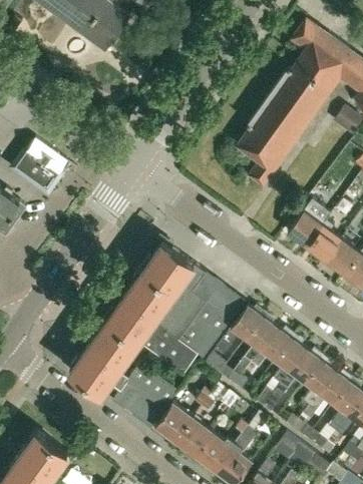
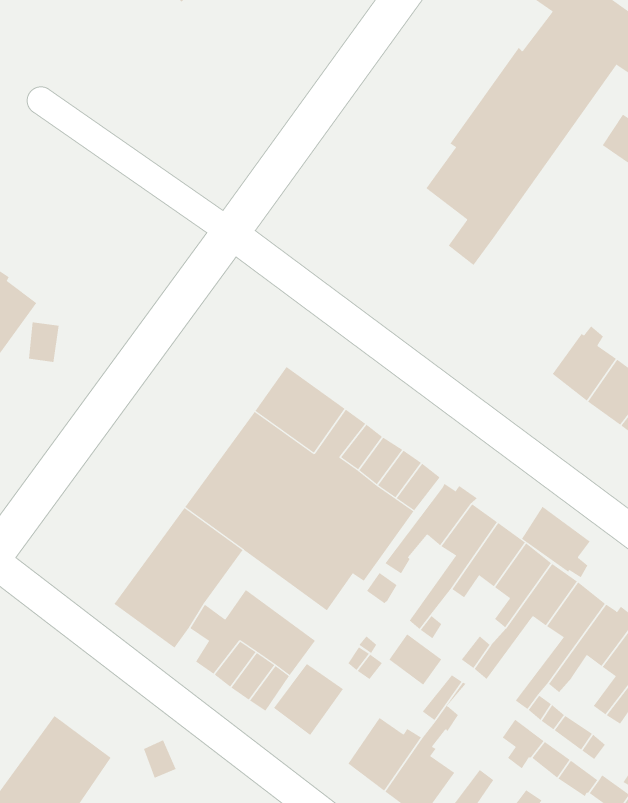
building: [21,139,68,187] -> none
building: [288,211,322,247] -> none
building: none -> [521,506,591,578]
building: [175,417,213,457] -> none

